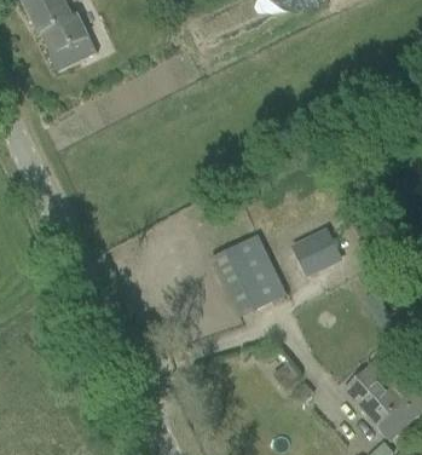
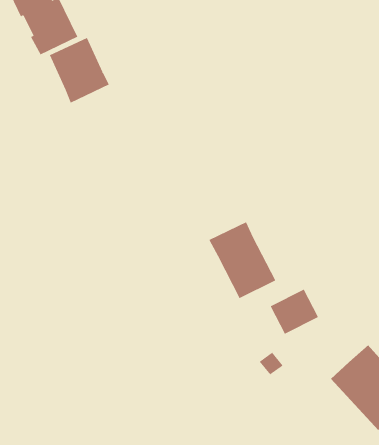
building: none -> [49,37,109,103]
building: [291,228,340,272] -> [270,289,319,334]

